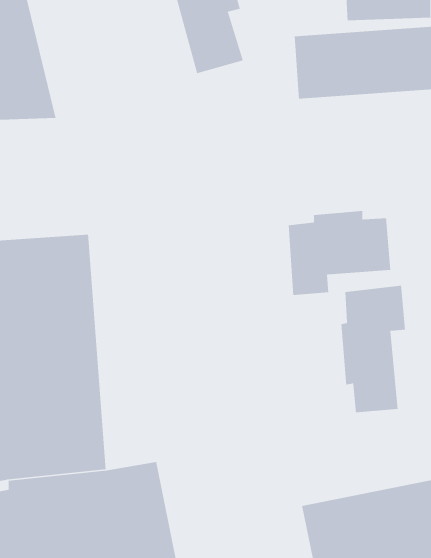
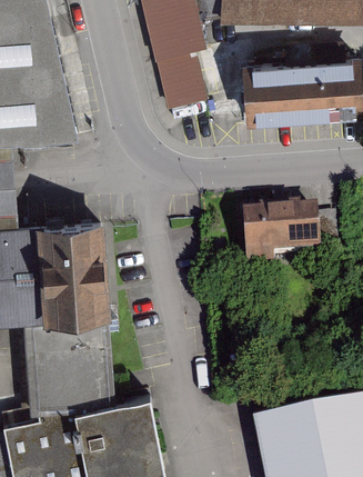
building: [340,285,406,413] -> none

